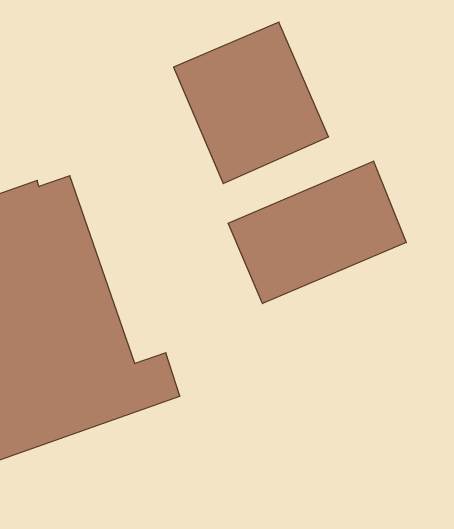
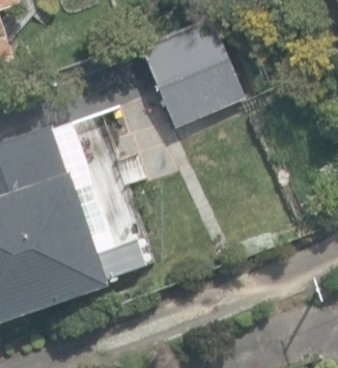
building: [228,161,406,304] -> none

